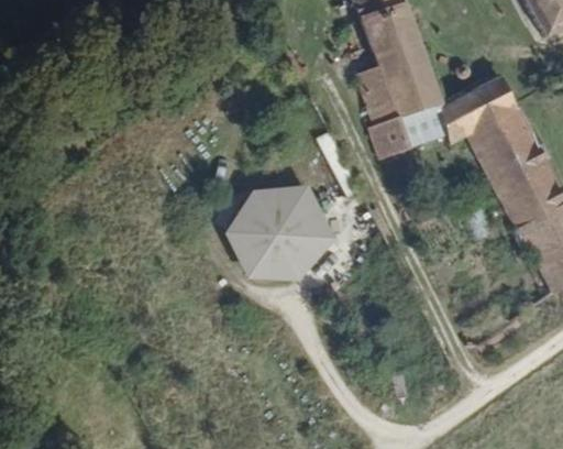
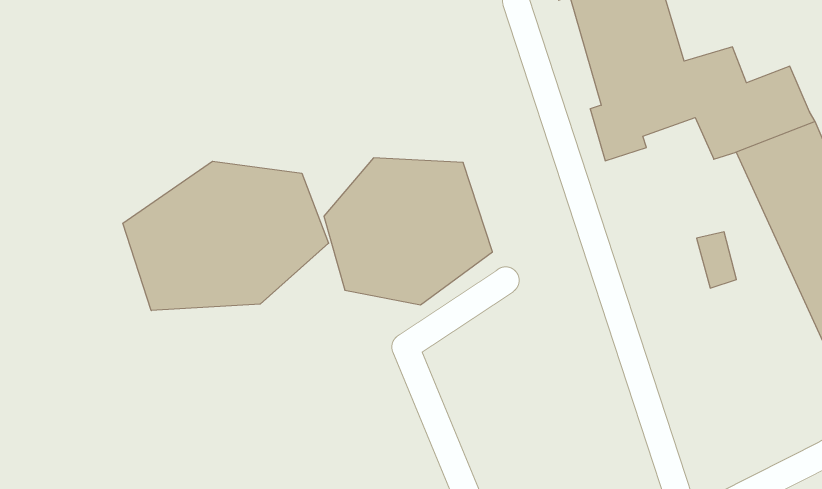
building: none -> [123,161,329,311]

